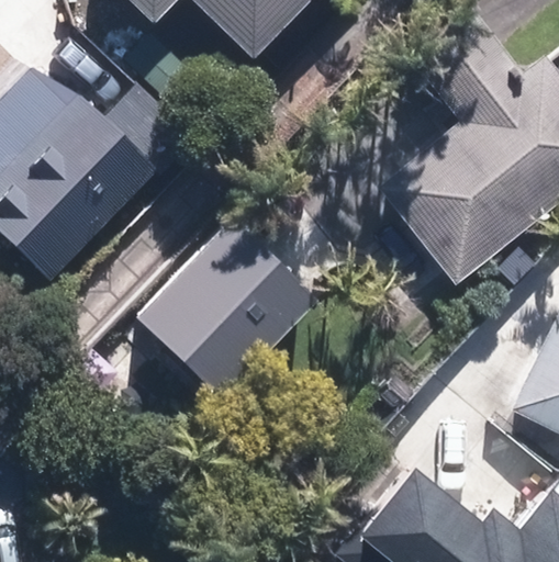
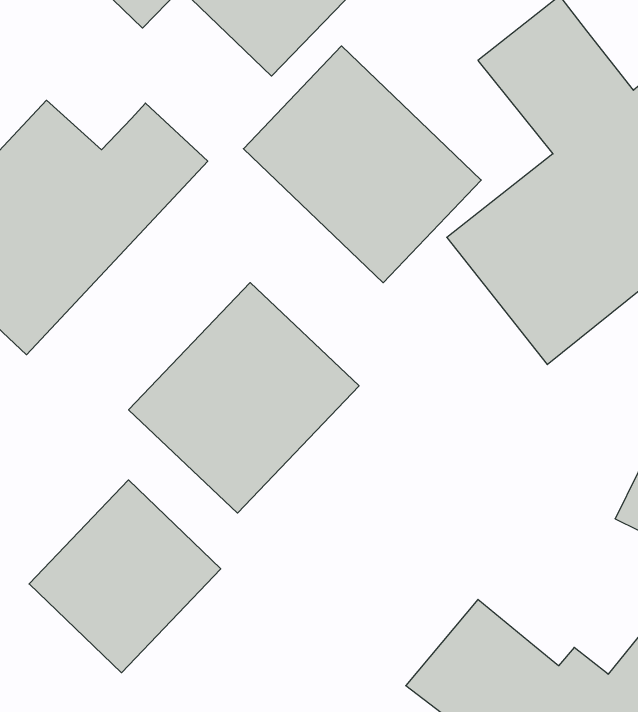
building: none -> [243,46,481,283]
building: none -> [29,480,221,673]

